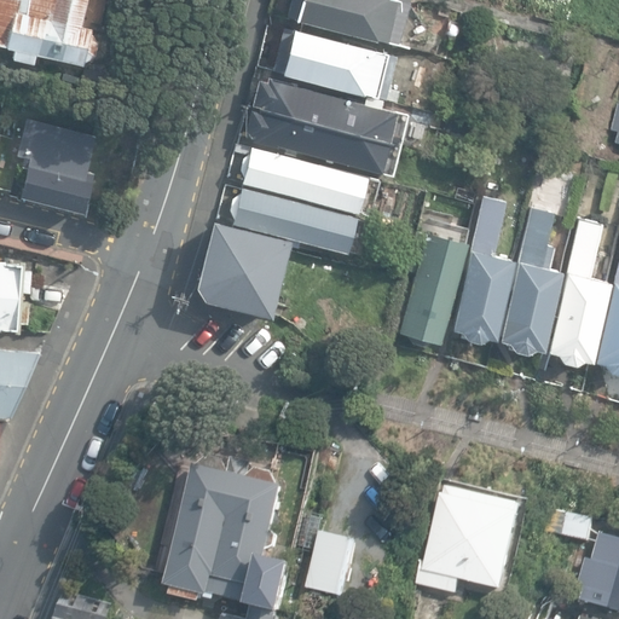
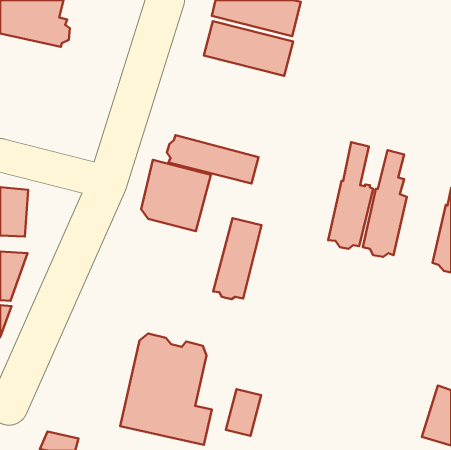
building: [242,76,404,175] -> none
building: [16,116,106,214] -> none
building: [237,146,364,212] -> none
building: [545,218,607,365] -> none
building: [398,233,464,345] -> [213,218,262,299]
building: [417,480,522,594] -> none

